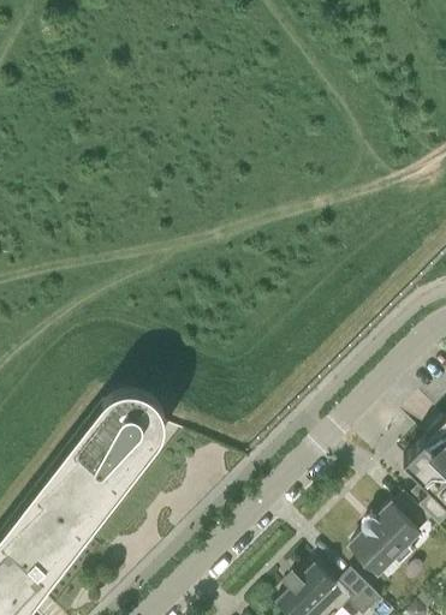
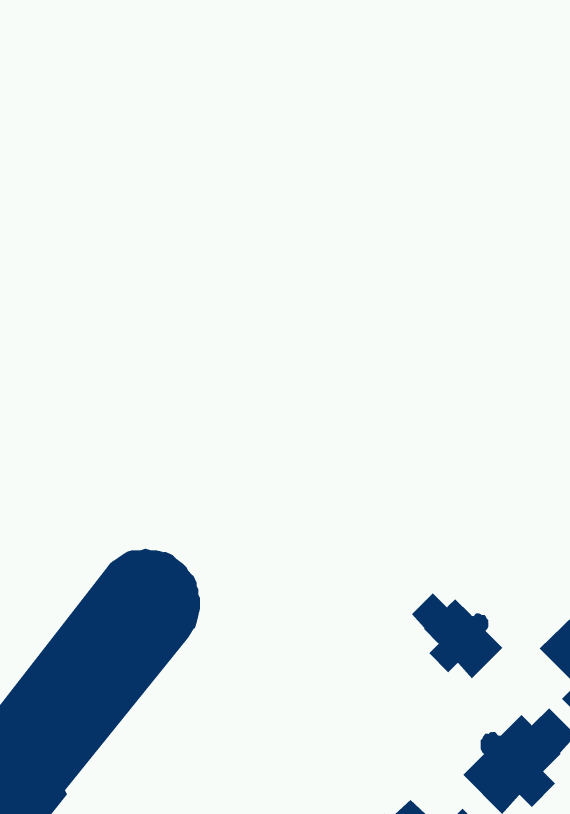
building: none -> [411,592,503,679]

